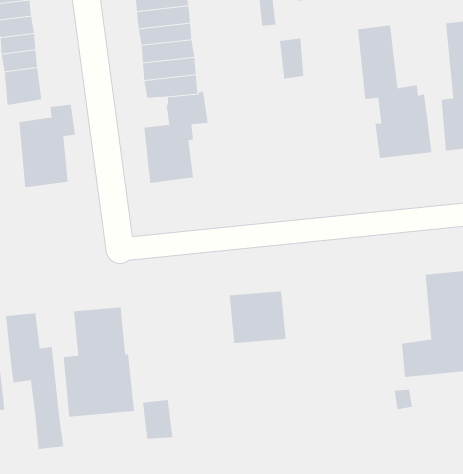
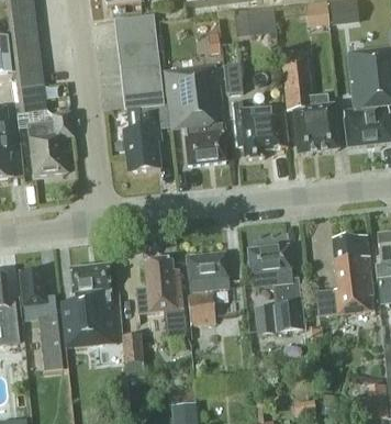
building: none -> [164,63,225,164]
building: none -> [232,93,287,157]
building: none -> [246,243,302,332]
building: none -> [136,256,185,335]
building: none -> [187,289,215,322]

